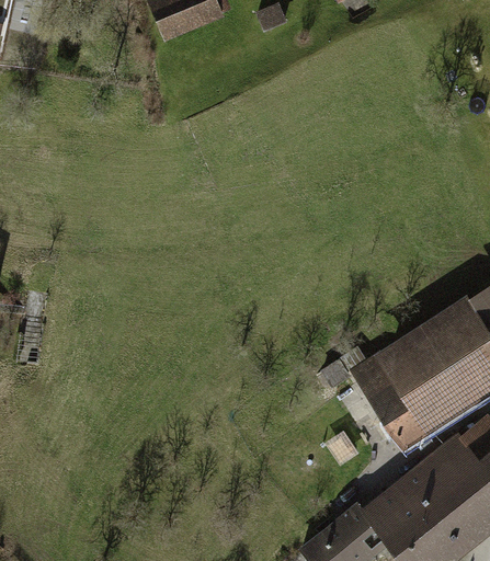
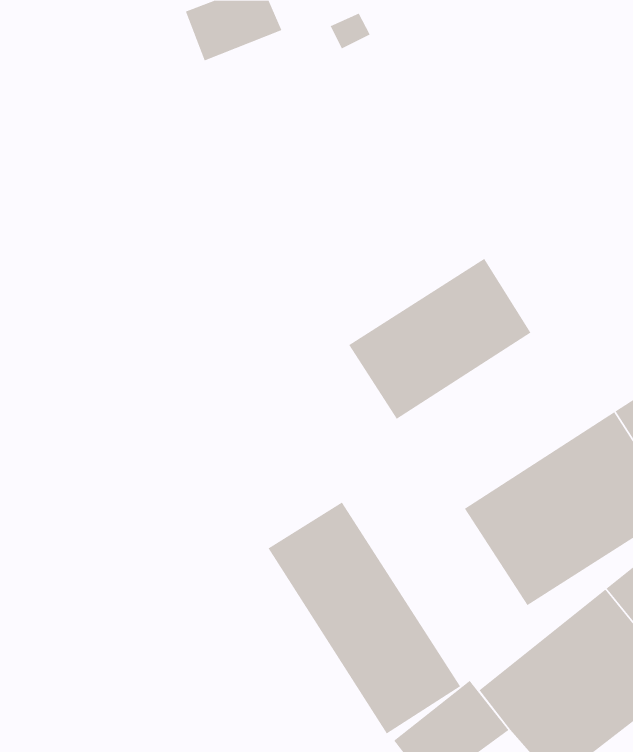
building: none -> [348,258,532,420]
building: none -> [268,502,461,735]

